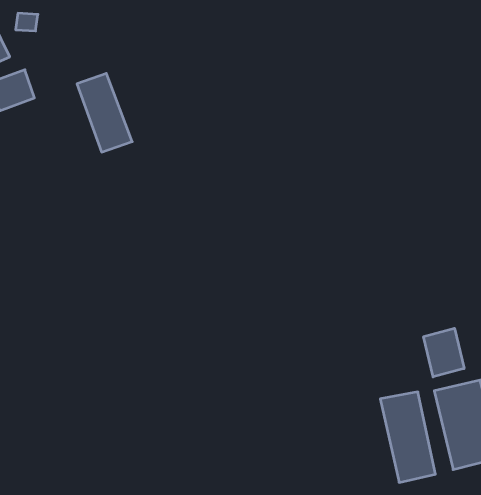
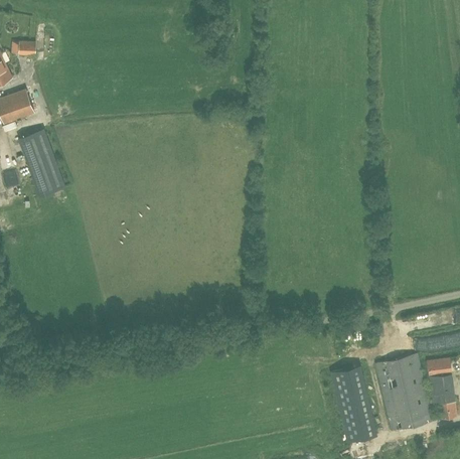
building: [77,73,132,152] -> [18,129,65,196]
building: [424,328,464,377] -> none

